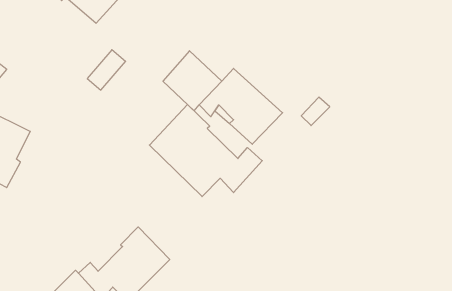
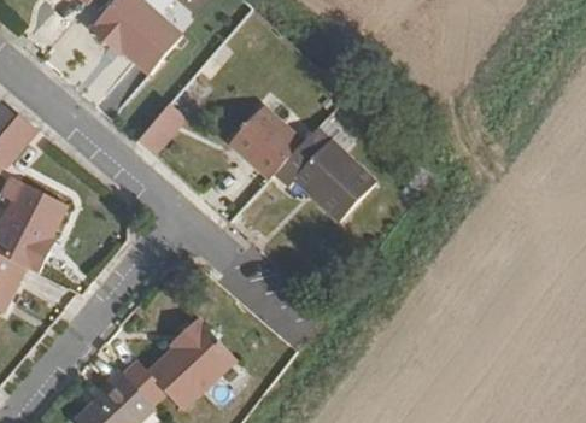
building: [149,105,262,197] -> none

